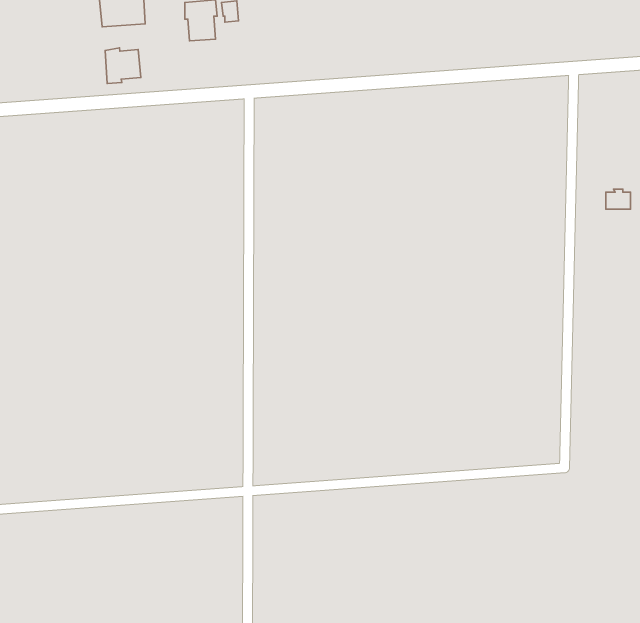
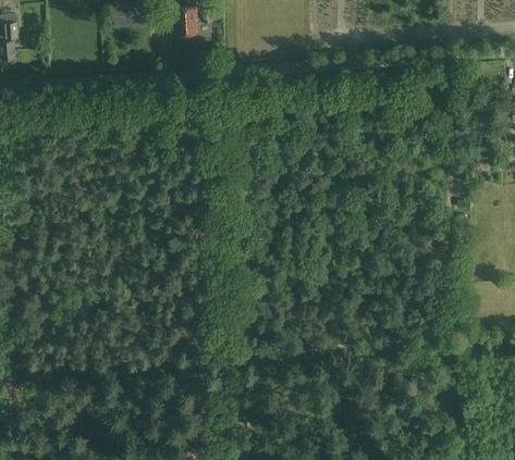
building: [105,48,141,84] -> none

